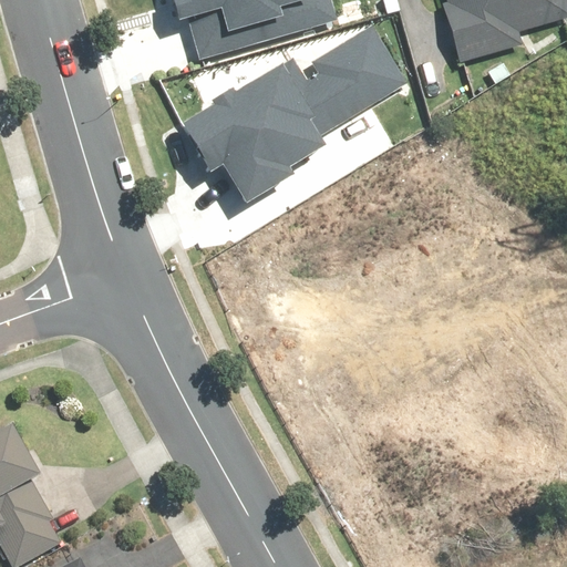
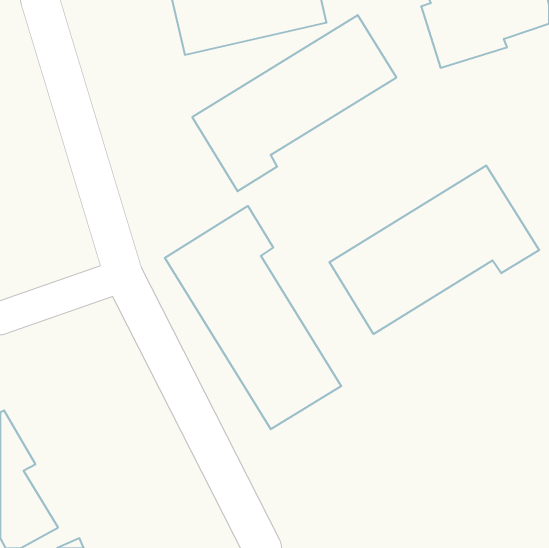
building: none -> [329,165,539,334]
building: none -> [165,206,341,429]

